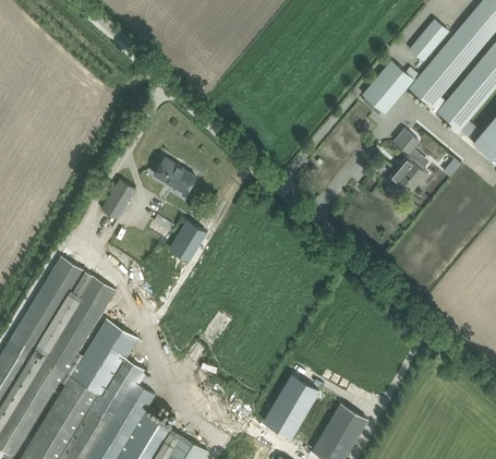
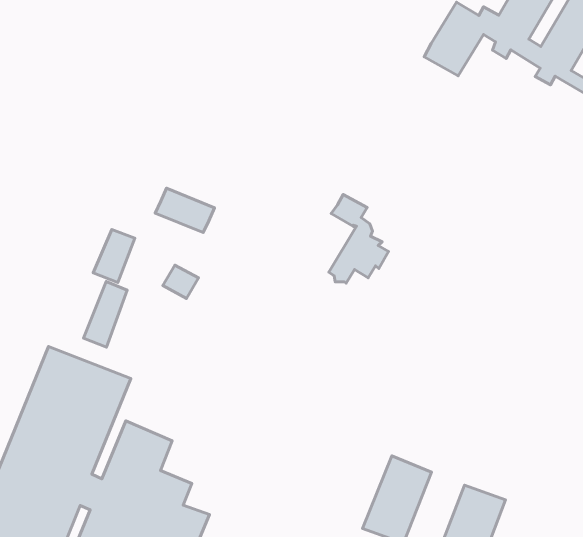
building: [384,131,428,194] -> [329,194,388,283]
building: none -> [84,281,127,347]
building: [170,222,205,262] -> none

